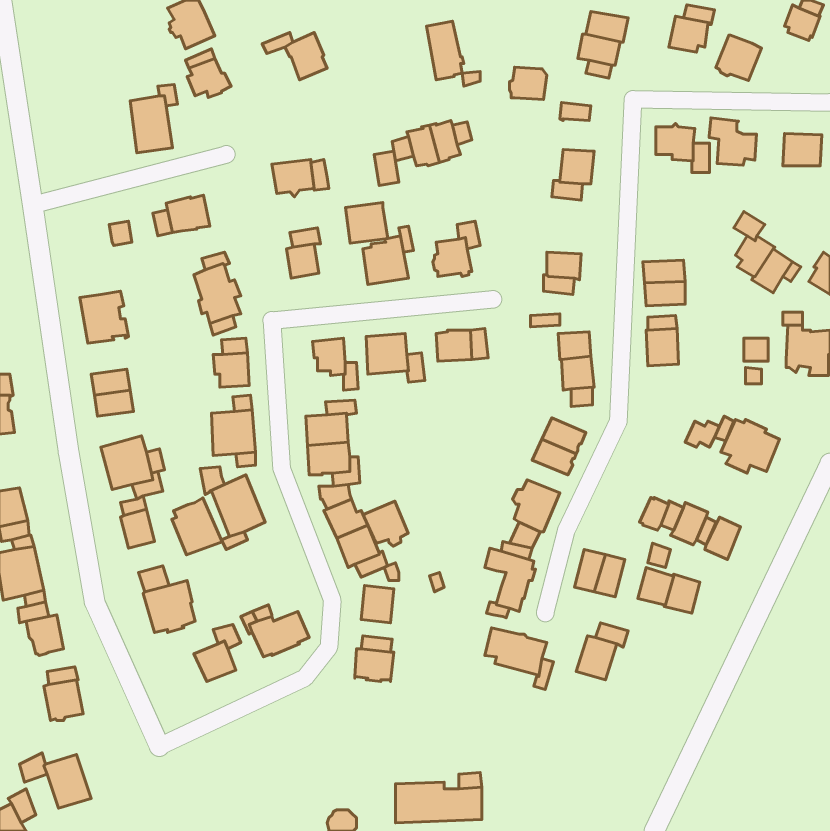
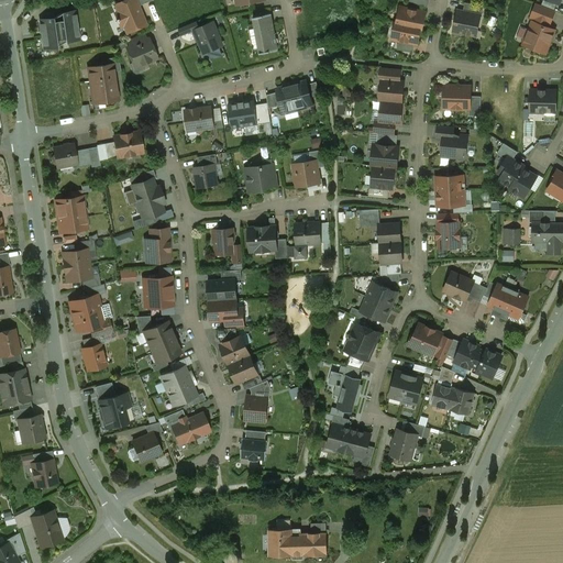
building: none -> [40,12,77,48]
building: [426,21,464,80] -> [252,14,277,54]
building: [716,35,761,81] -> [522,22,553,53]
building: [509,67,547,100] -> [377,80,402,102]
building: [709,118,756,165] -> [434,125,466,157]
building: [345,203,388,243] -> [228,101,256,129]
building: none -> [367,143,398,173]
building: none -> [51,144,76,168]
building: none -> [442,273,471,299]
building: none -> [408,324,441,353]
building: [172,498,222,555] -> [162,366,196,405]
building: [364,501,408,546] -> none

